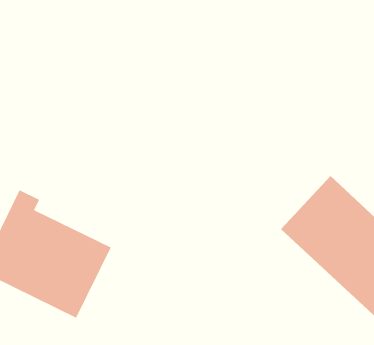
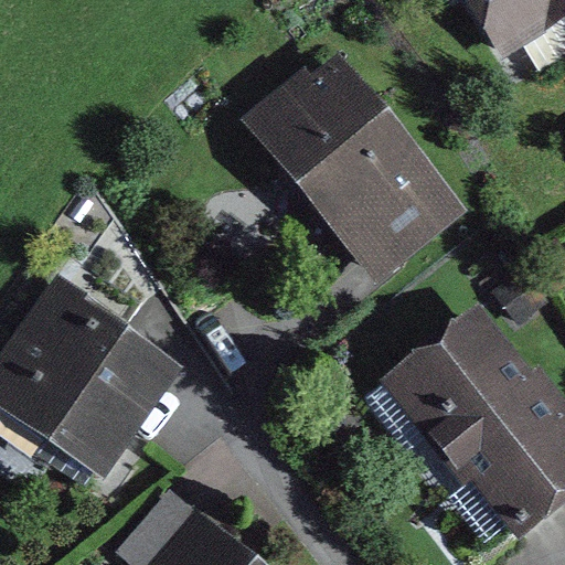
building: none -> [254,68,450,267]

